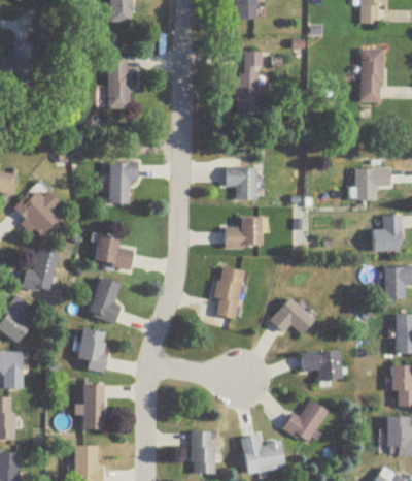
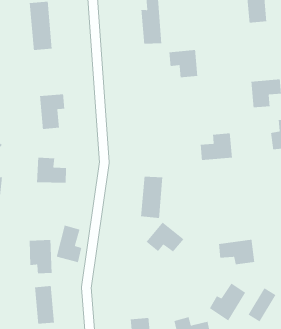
building: [227,167,259,199] -> [169,49,198,78]
building: [227,217,264,247] -> [200,133,233,161]
building: [90,277,122,323] -> [56,224,82,263]
building: [271,297,316,334] -> [146,222,184,253]
building: none -> [247,287,277,322]

